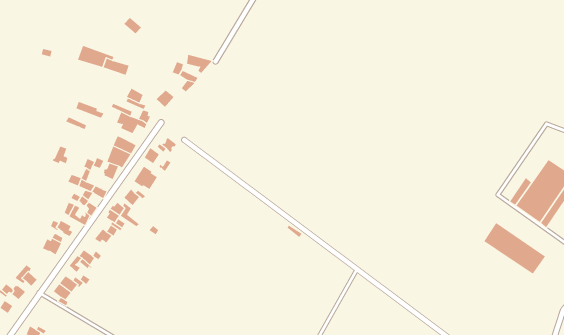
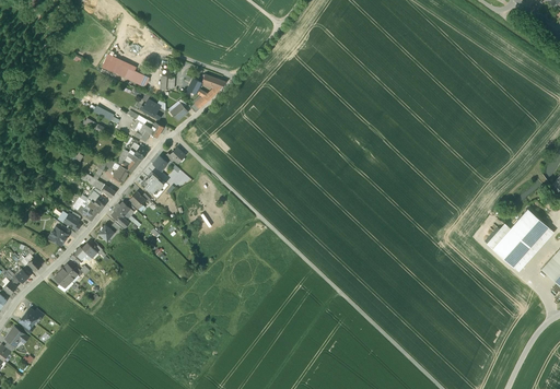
building: [483,222,546,275] -> none

